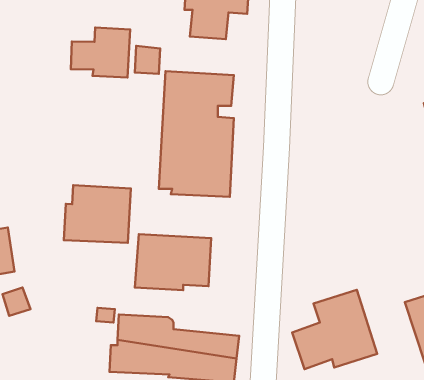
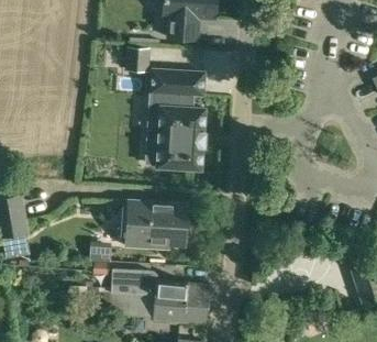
building: [71,28,130,78] -> none
building: [64,185,131,243] -> none
building: [292,290,377,369] -> none

